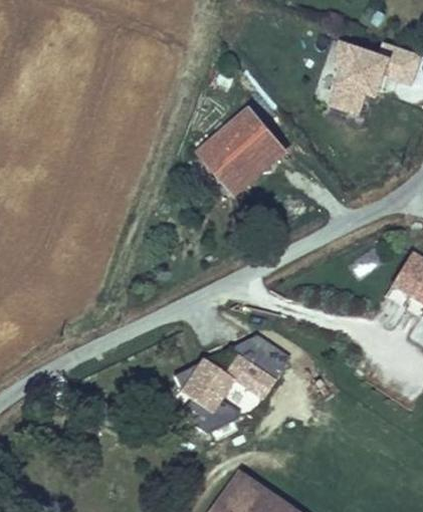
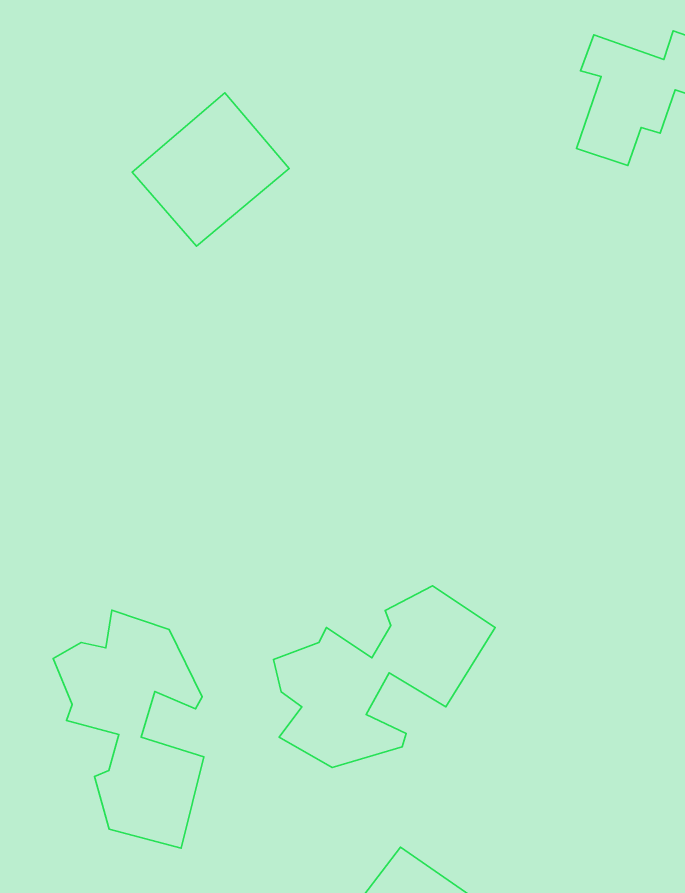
building: [200,107,283,189] -> [132,93,289,246]
building: none -> [53,610,204,848]

